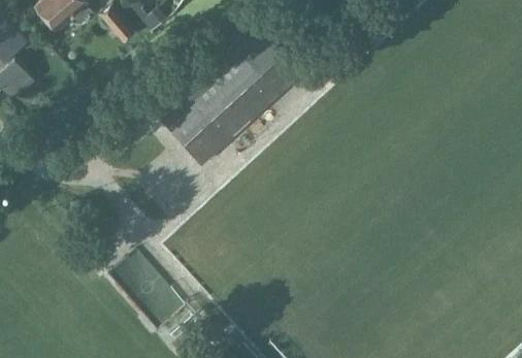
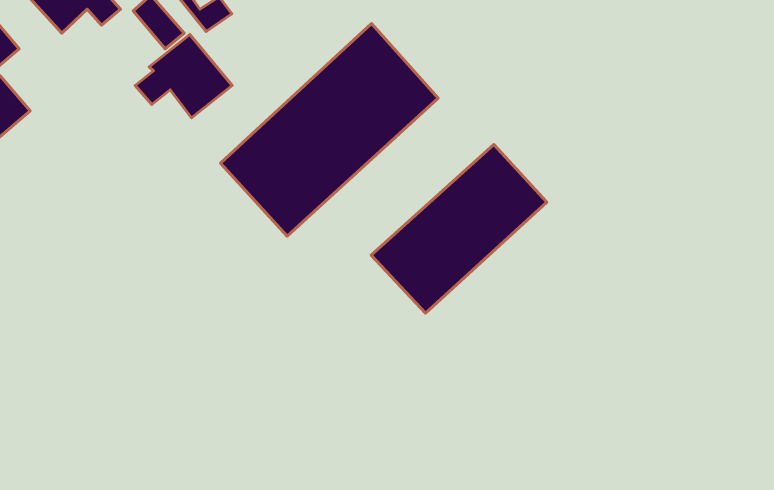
building: none -> [135,34,232,118]
building: none -> [371,144,547,313]

